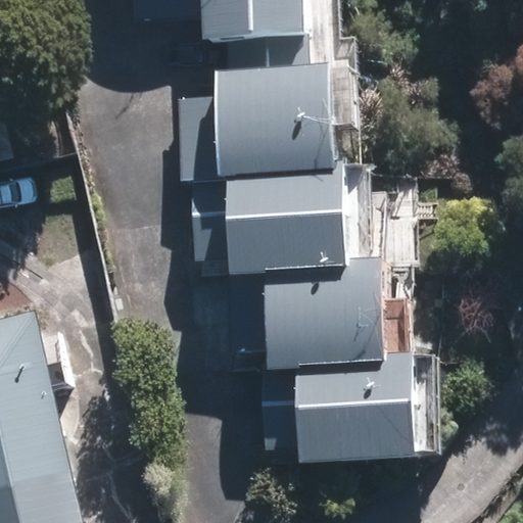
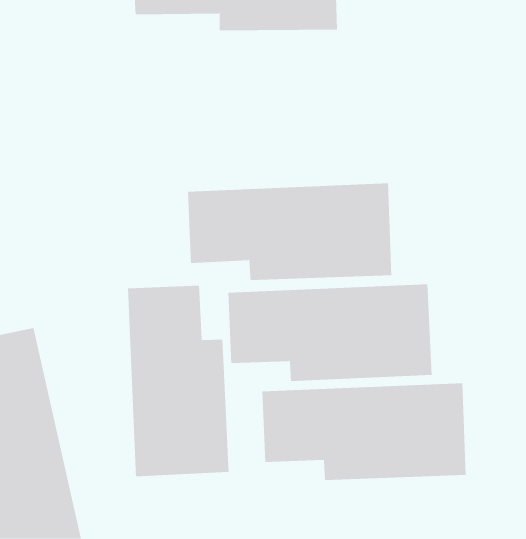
building: [174,73,381,176] -> none
building: none -> [127,285,229,477]

